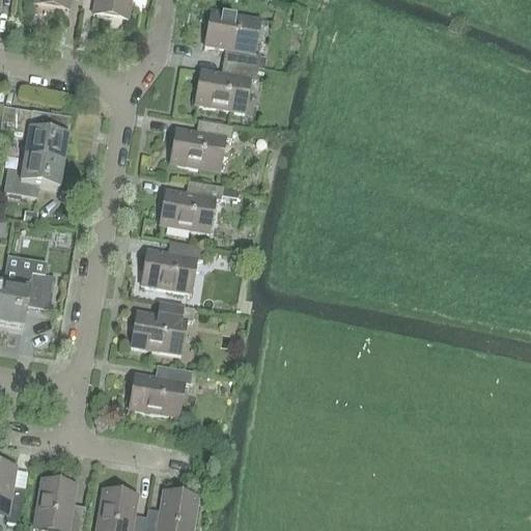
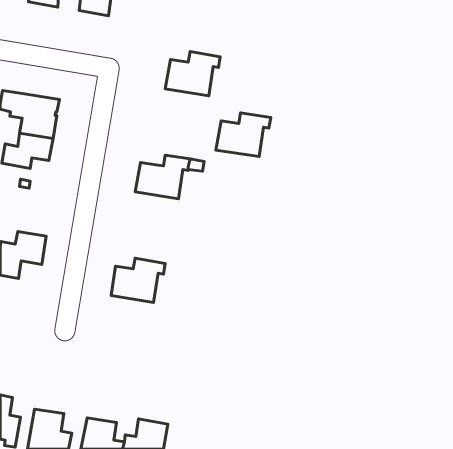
building: [204,10,260,66] -> none
building: [169,119,233,170] -> [216,113,271,156]
building: [141,241,204,291] -> none
building: [129,365,192,416] -> none

